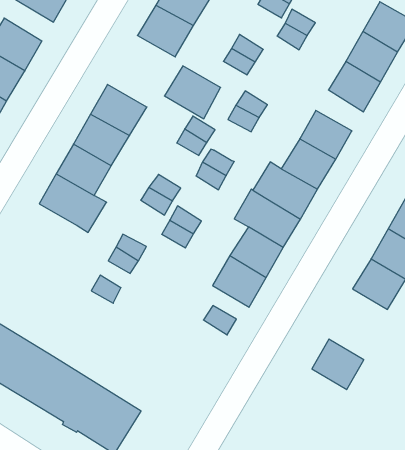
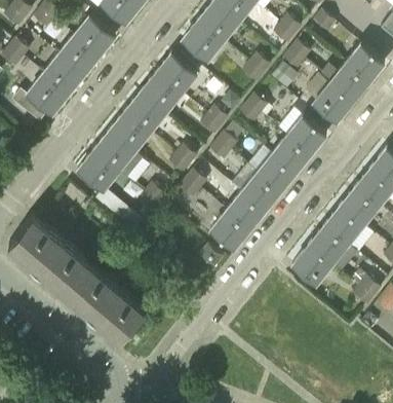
building: [164,66,221,119] -> [156,54,197,95]
building: none -> [78,152,119,191]
building: [312,339,364,390] -> [293,247,331,285]

